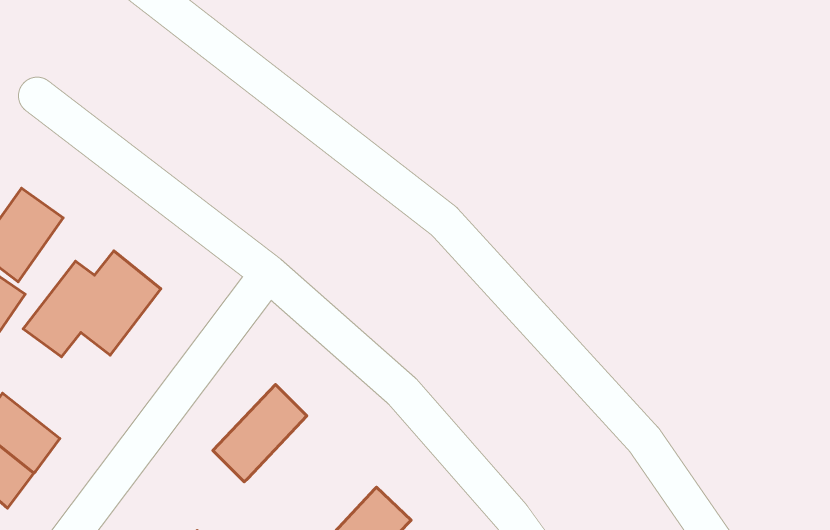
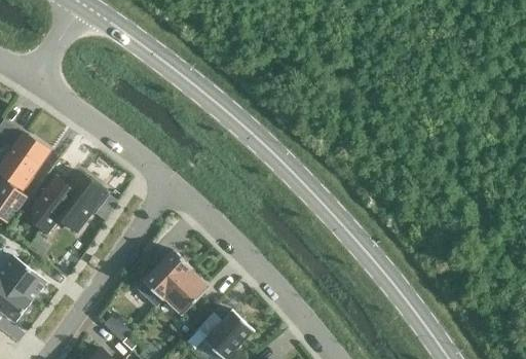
building: none -> [153,268,206,316]

